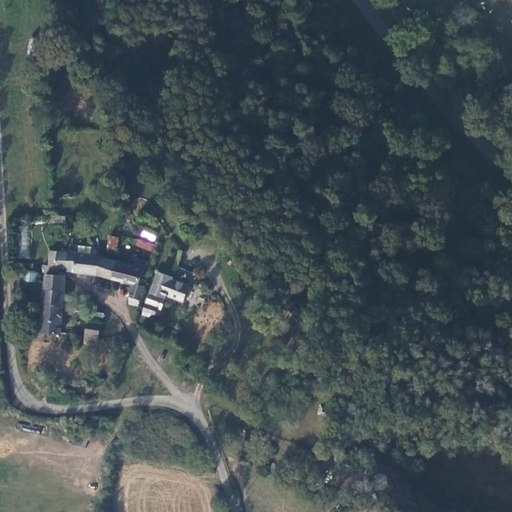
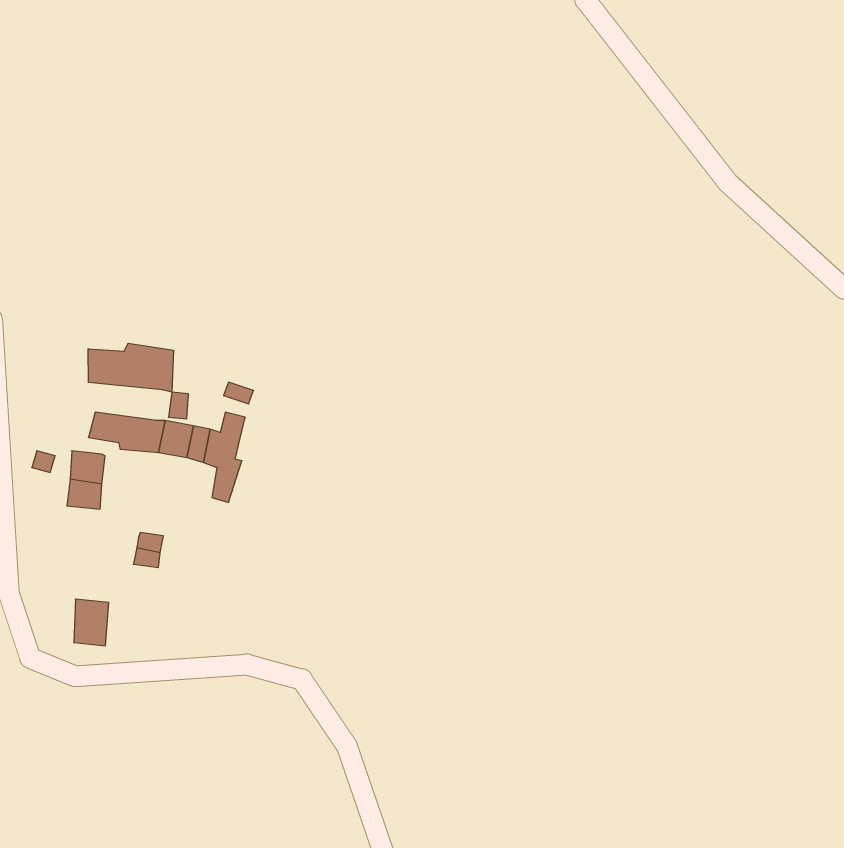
building: none -> [88,343,173,392]
building: [142,275,187,322] -> none
building: [39,306,60,334] -> [74,599,109,646]

